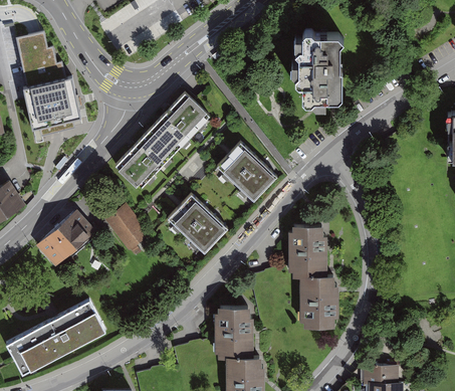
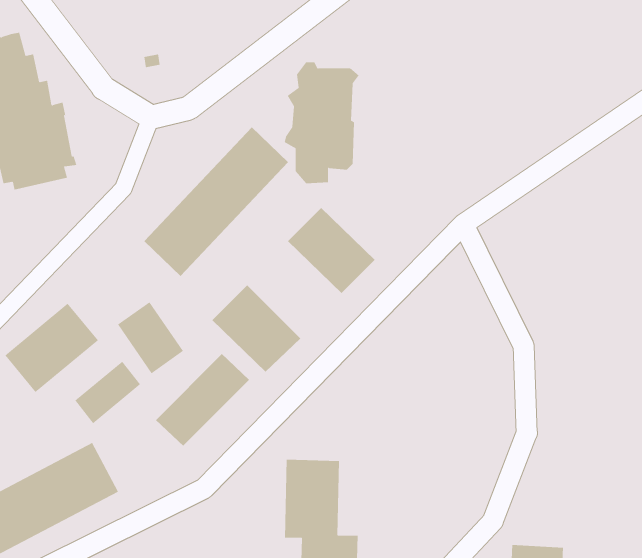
building: [293,28,343,108] -> [284,62,360,184]
building: [289,225,337,328] -> none
building: none -> [155,353,250,447]
building: none -> [74,361,141,424]

